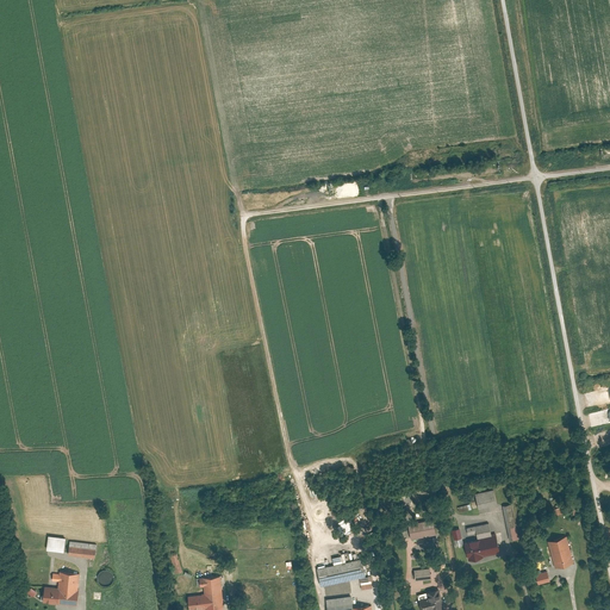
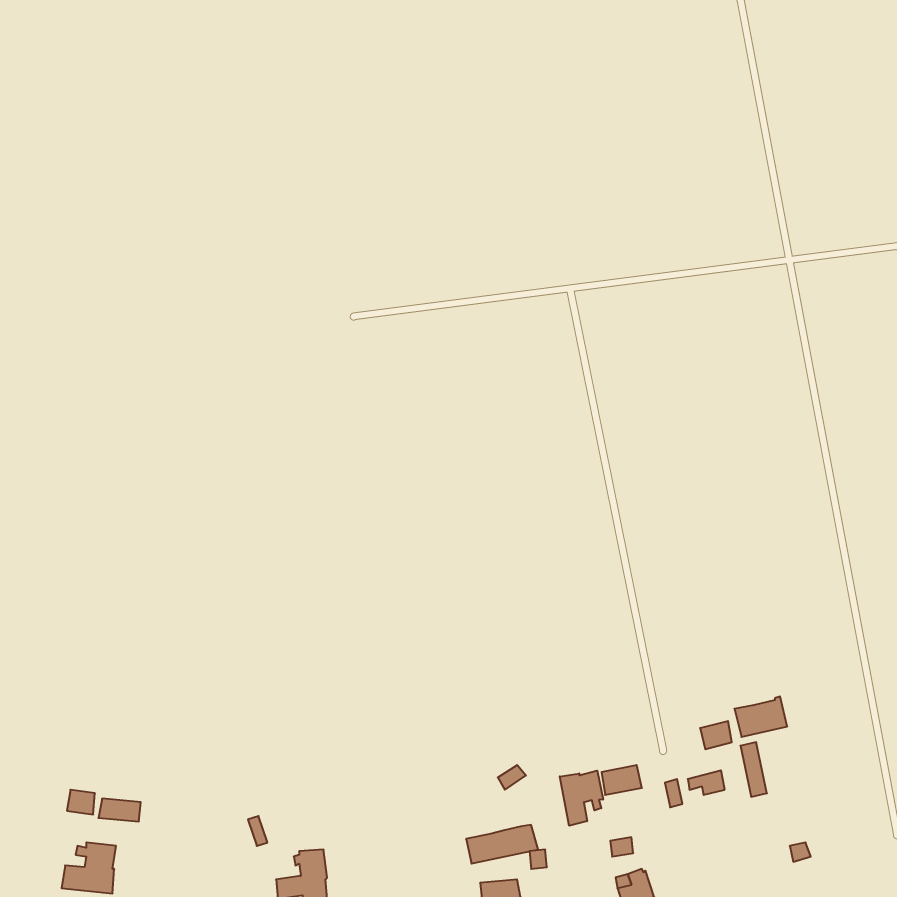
building: none -> [560,771,603,826]
building: [463,534,499,561] -> [734,696,787,737]
building: [547,536,573,568] -> none

